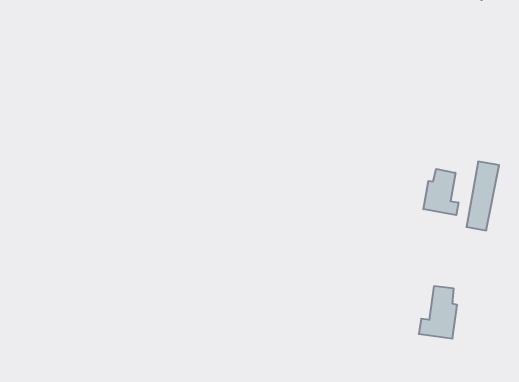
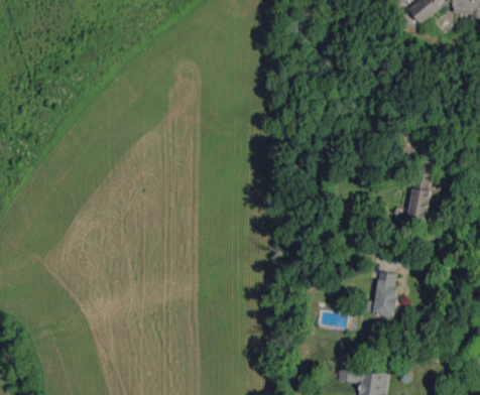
building: [423,169,458,215] -> none

